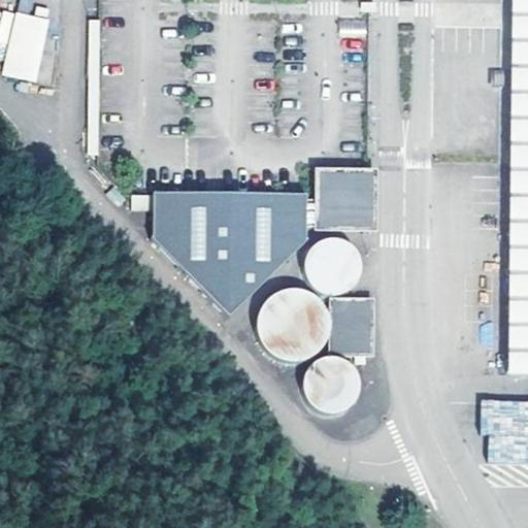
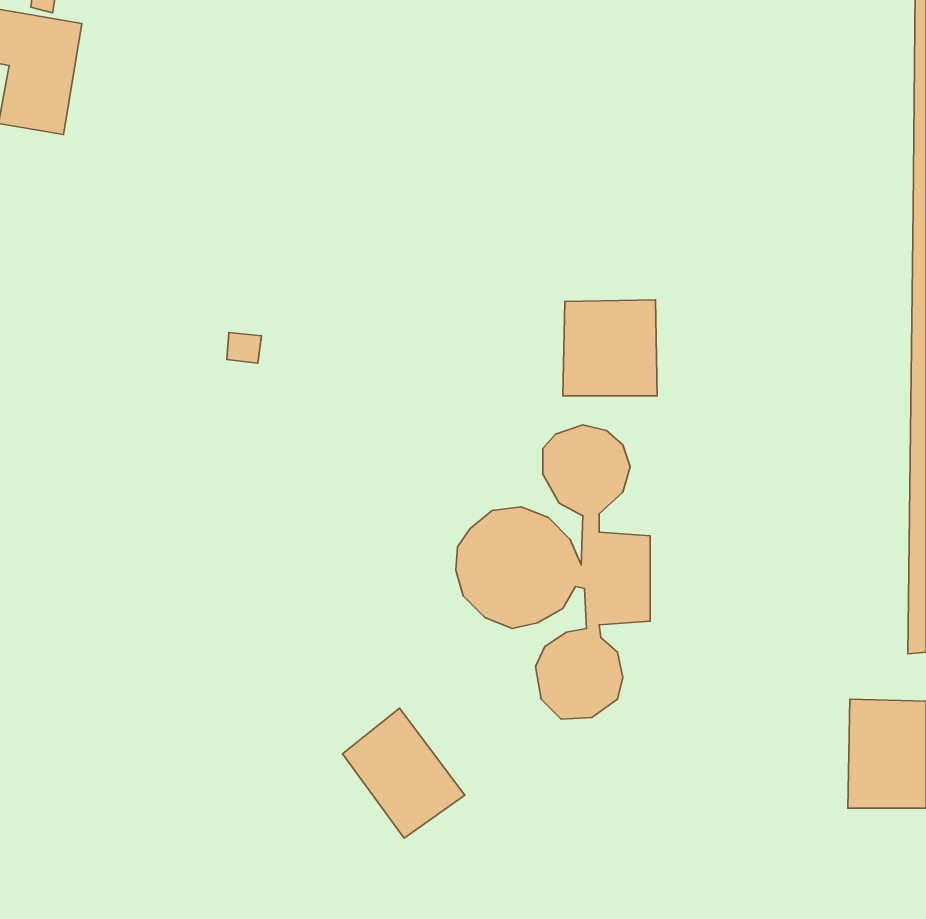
building: [154,191,307,316] -> none
building: none -> [342,708,465,838]

